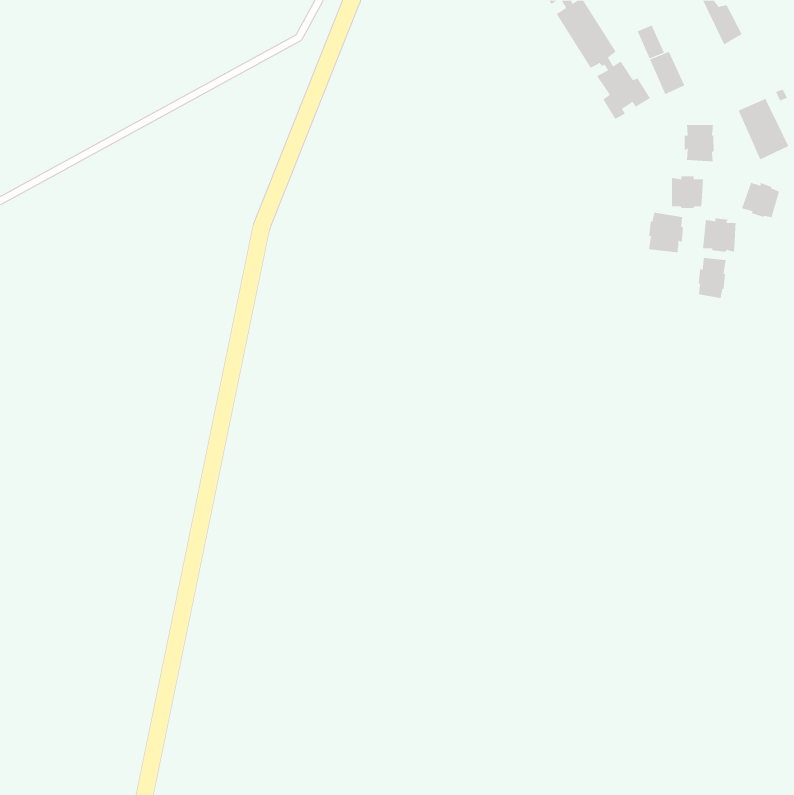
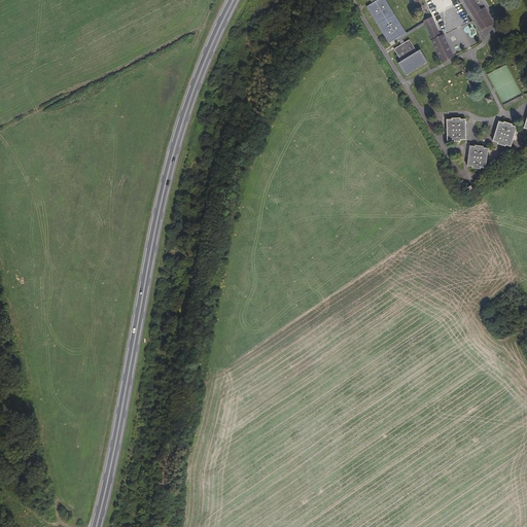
building: [684,124,714,162] -> none
building: [648,212,683,253] -> none
building: [698,257,726,299] -> none

